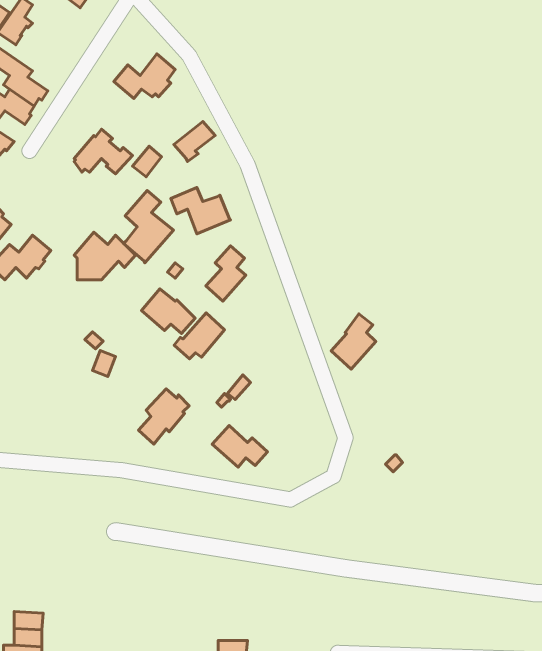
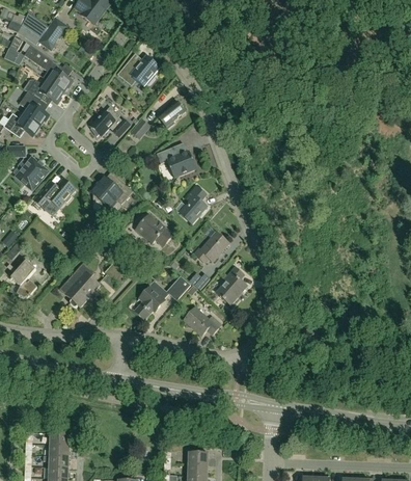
building: [124,191,173,263] -> none
building: [174,313,225,359] -> [194,232,228,263]
building: [331,314,376,369] -> [216,267,246,304]
building: none -> [60,271,100,308]

